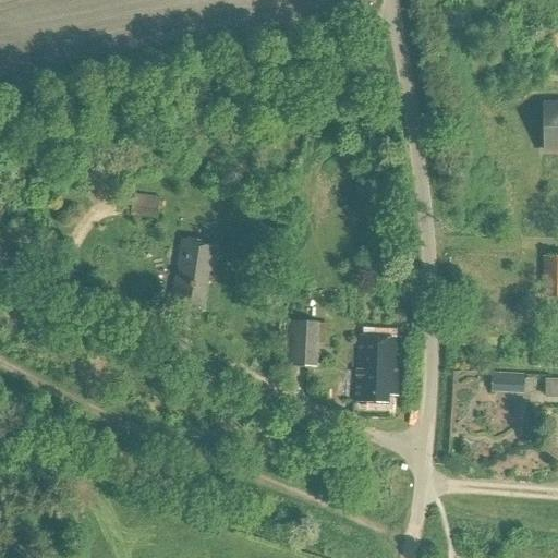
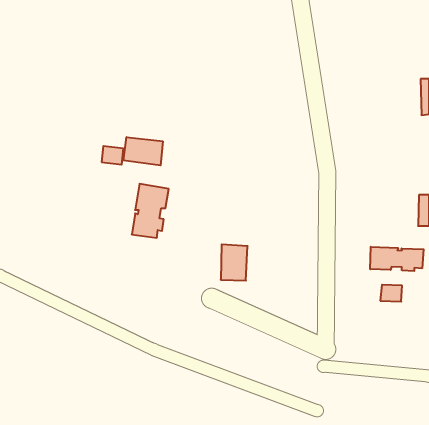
building: none -> [124,137,163,165]
building: none -> [370,247,424,271]
building: [356,333,400,404] -> none

